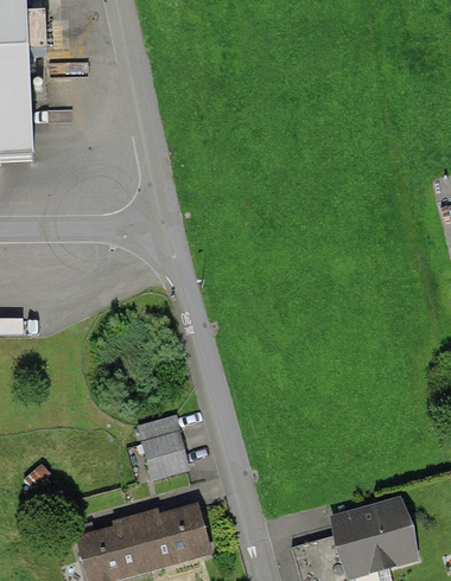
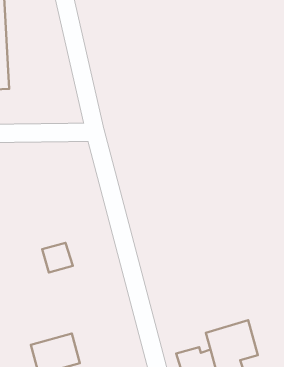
building: [140,429,185,473] -> [42,243,73,272]
building: [135,503,208,563] -> none

